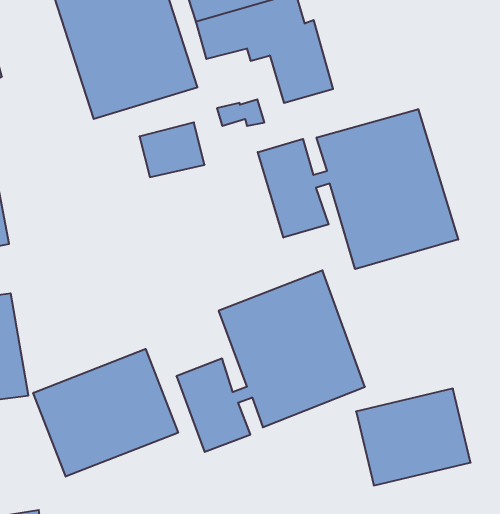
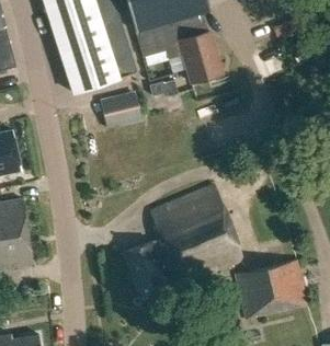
building: [258,109,458,269] -> none
building: [33,349,178,477] -> none

